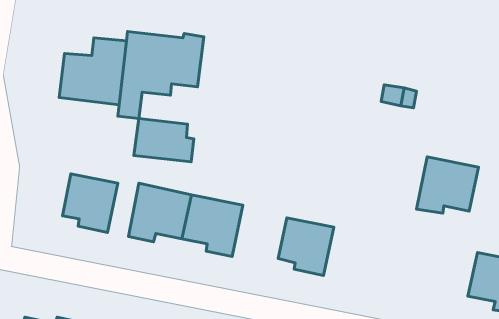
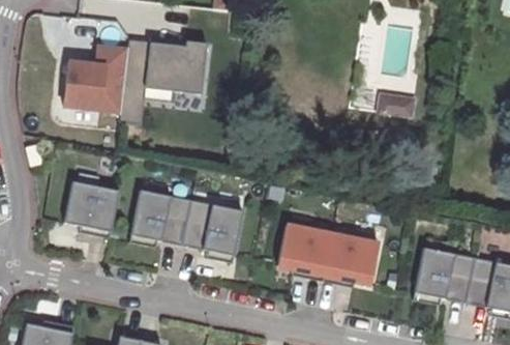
building: [134,118,194,162] -> none
building: [417,157,478,213] -> [414,248,475,304]
building: none -> [323,233,379,287]

